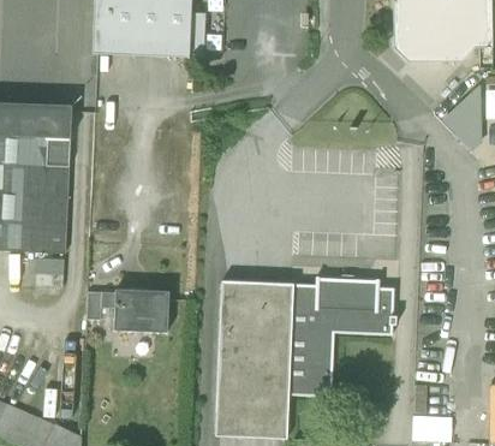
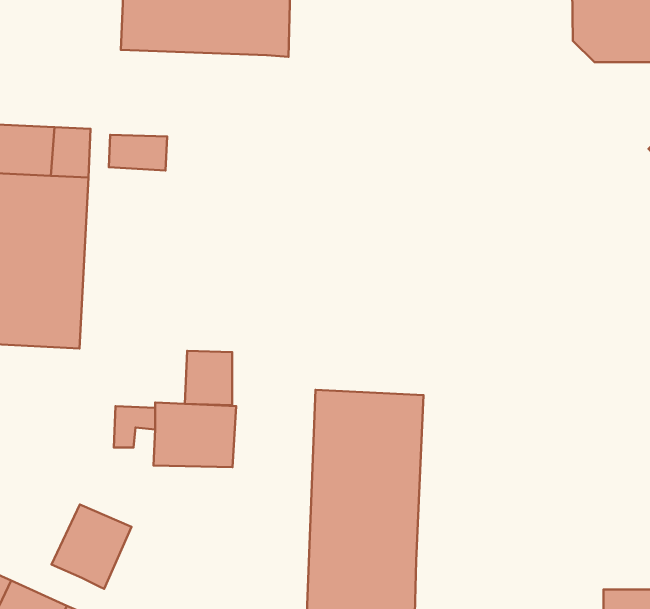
building: none -> [109,135,167,170]
building: none -> [185,351,232,405]
building: [290,276,398,396] -> none
building: none -> [52,505,132,589]

